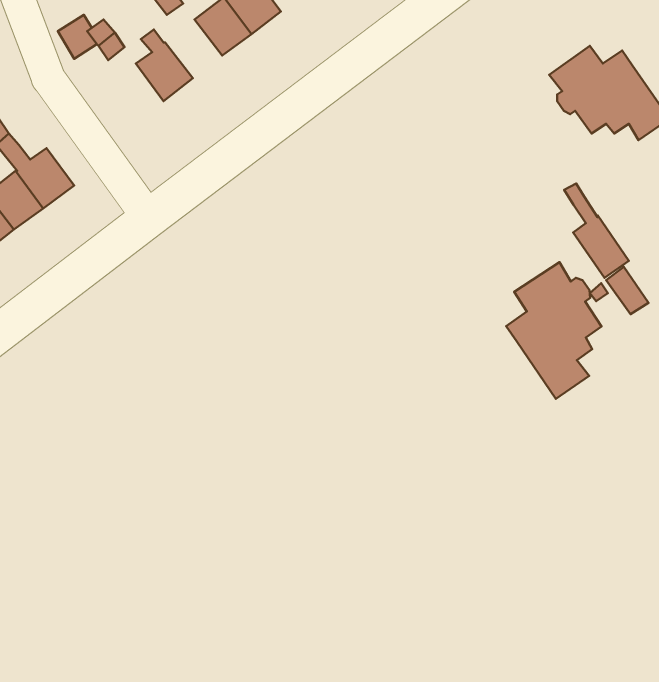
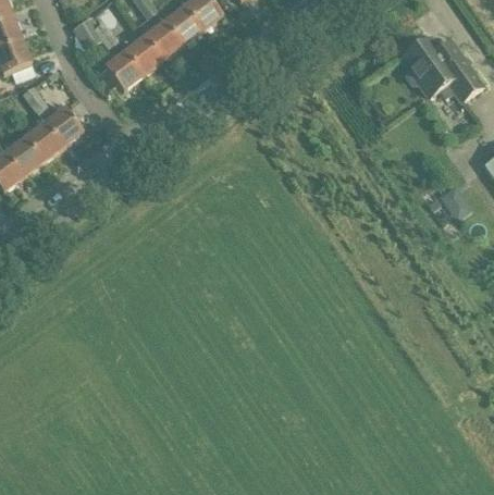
building: none -> [145,20,183,59]
building: none -> [104,49,144,89]
building: [564,184,629,278] -> none
building: [506,262,601,399] -> none

